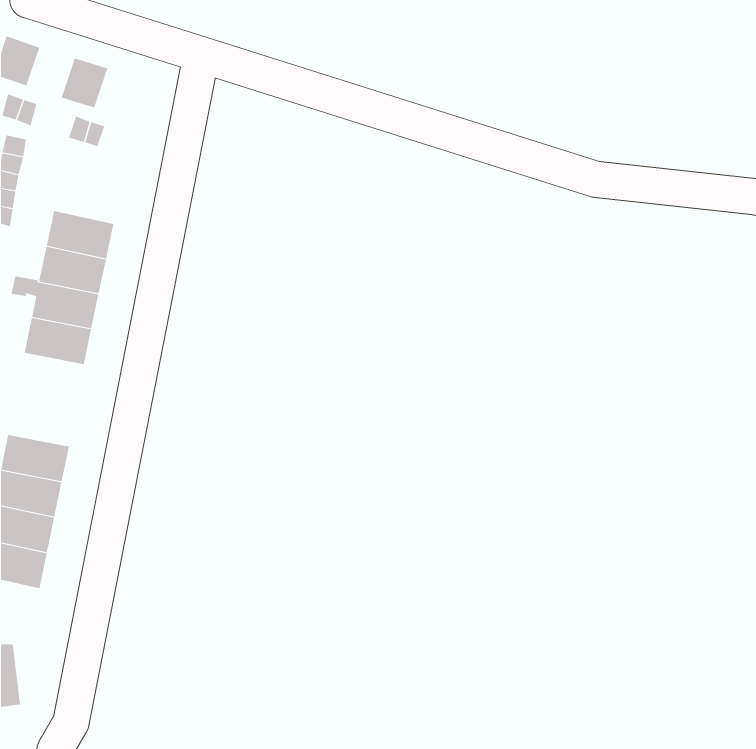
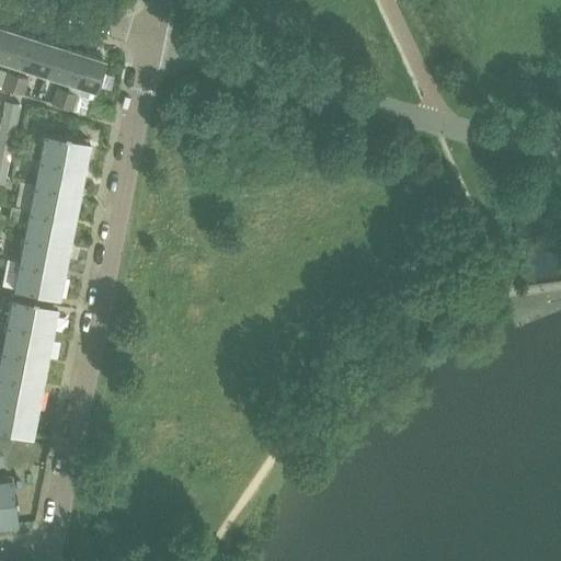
building: none -> [21,42,56,79]
building: none -> [71,57,106,94]
building: none -> [41,137,91,172]
building: none -> [14,267,64,302]
building: none -> [7,301,57,336]

